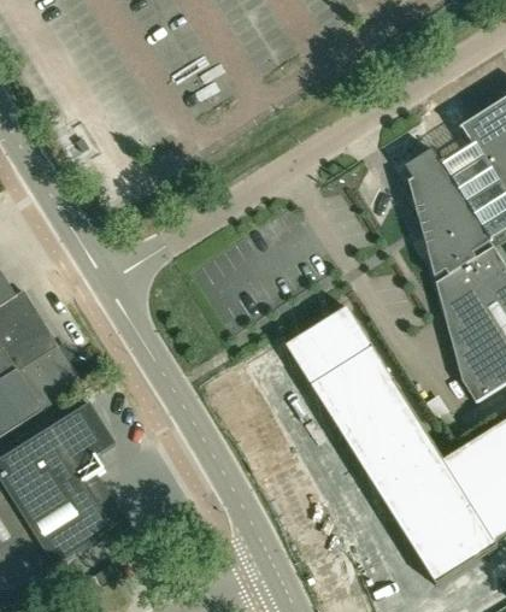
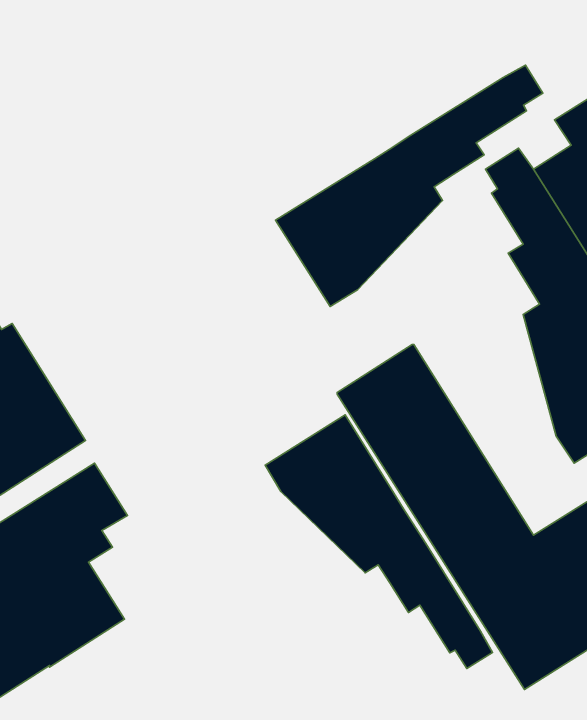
building: none -> [276,65,543,306]
building: none -> [265,415,493,668]

